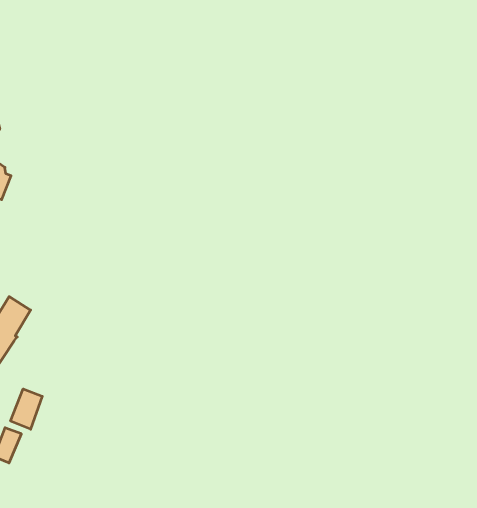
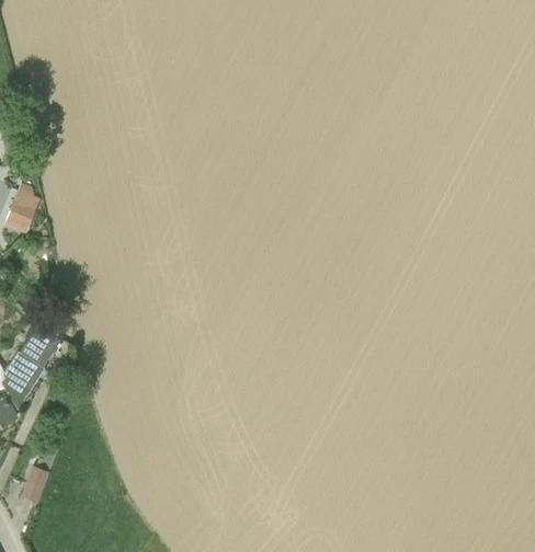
building: [11,389,42,429] -> none

